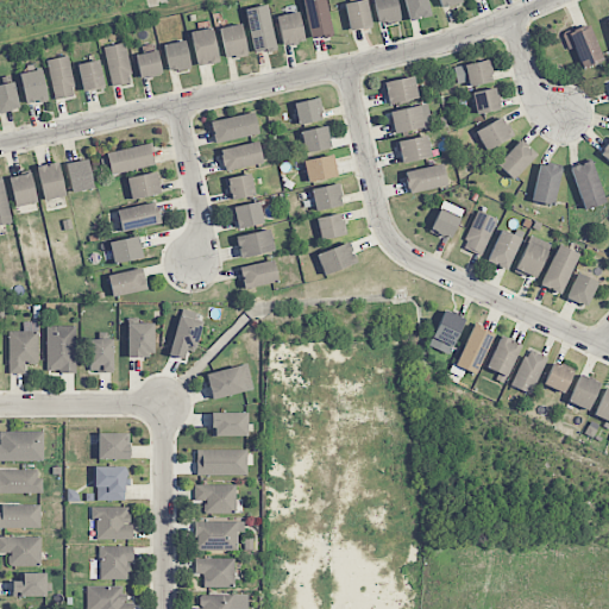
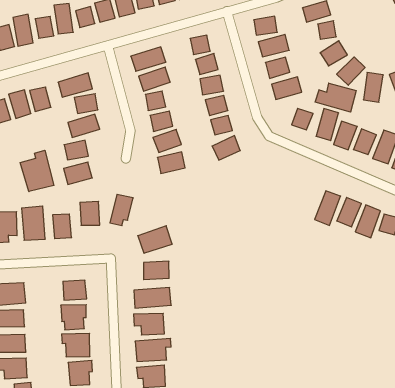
building: none -> [315,83,356,112]
building: none -> [20,150,54,192]
building: [434,310,465,346] -> none

